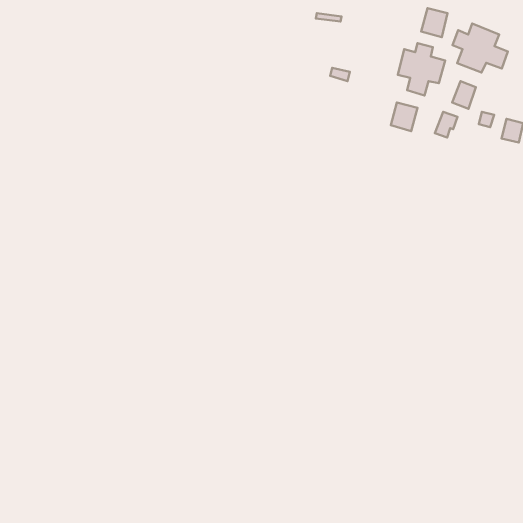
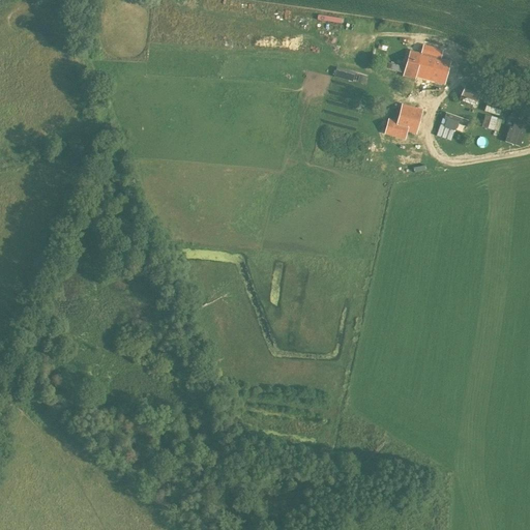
building: [421,8,448,37] -> none
building: [453,23,508,72] -> none

